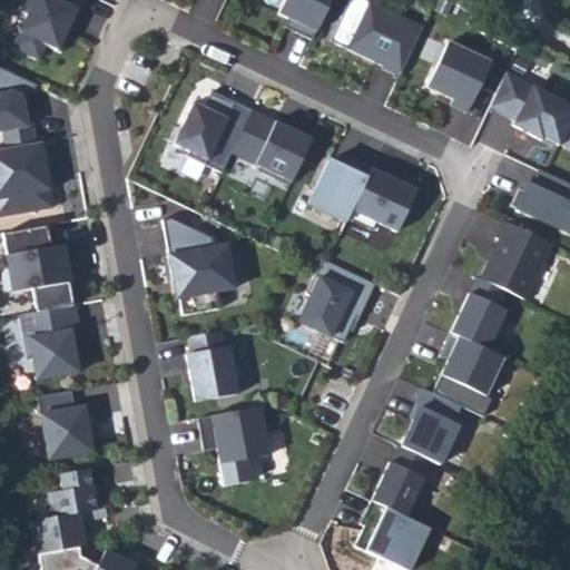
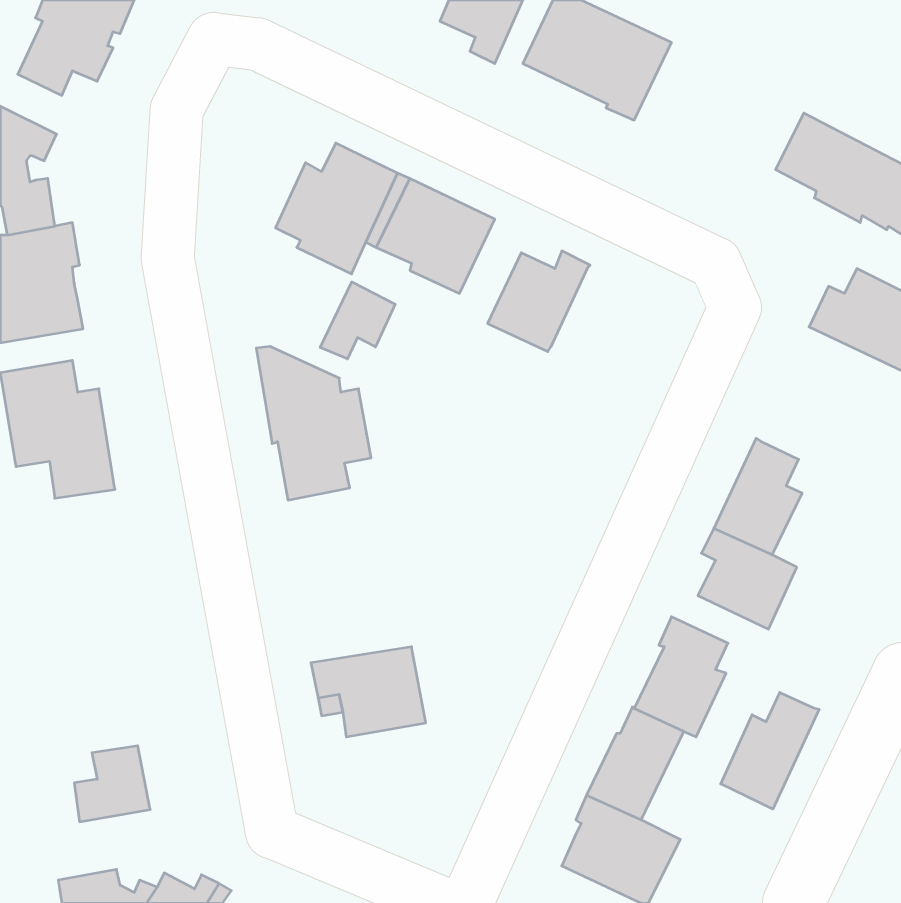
building: [428,42,491,111] -> none
building: [348,168,417,232] -> none
building: none -> [320,282,395,359]
building: [481,220,552,299] -> none
building: [298,259,375,343] -> none
building: [19,305,83,380] -> none
building: [186,331,238,402] -> none
building: [37,391,99,459] -> none
building: none -> [721,692,819,809]
building: [20,509,104,558] -> none

